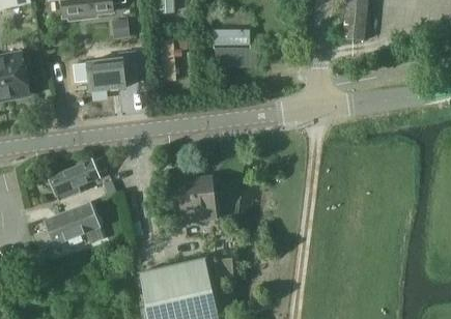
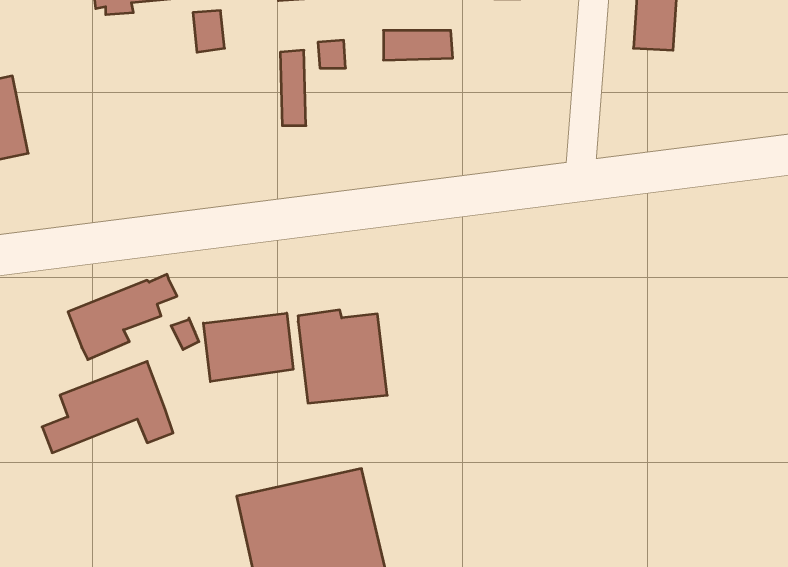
building: [216,47,258,68] -> none
building: [87,52,138,91] -> none
building: none -> [203,313,293,382]

